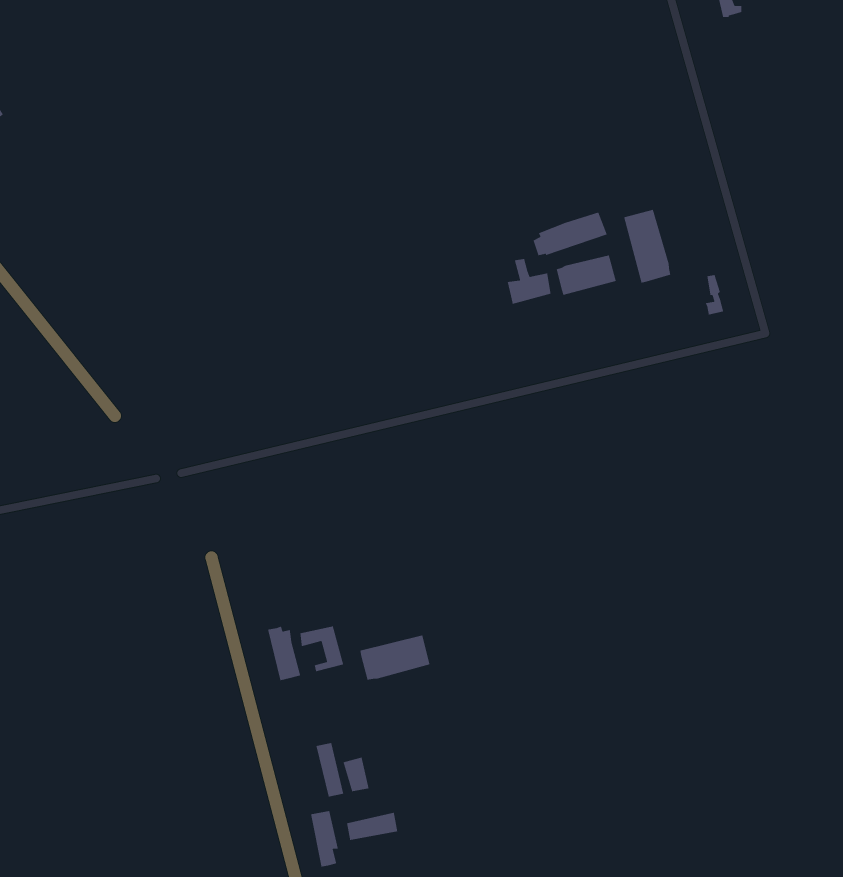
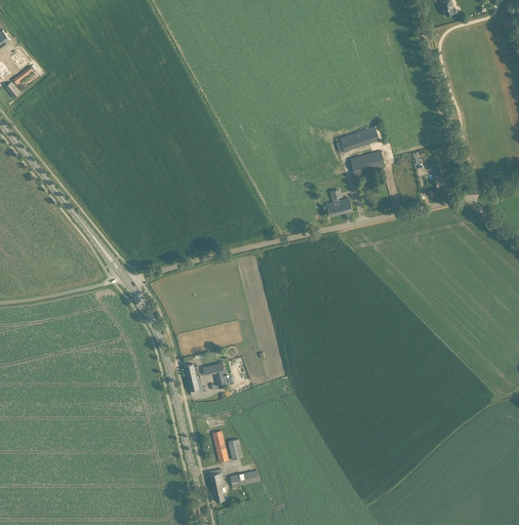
building: [623,209,671,283] -> none
building: [507,258,552,305] -> [325,190,351,216]
building: [359,634,430,681] -> none

